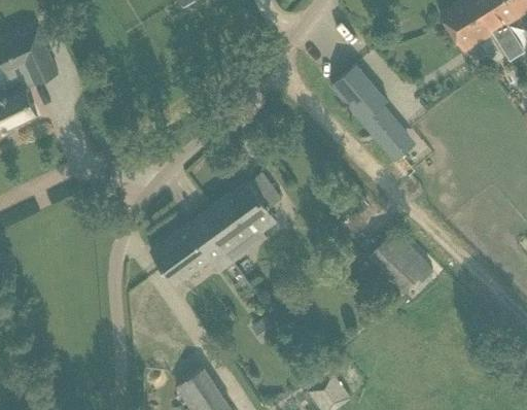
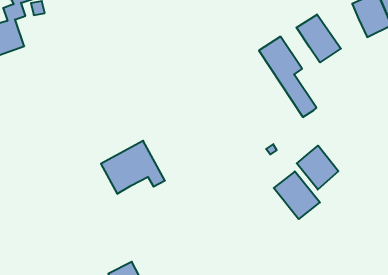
building: none -> [296,14,341,62]
building: [201,174,282,263] -> none
building: none -> [297,146,338,190]

